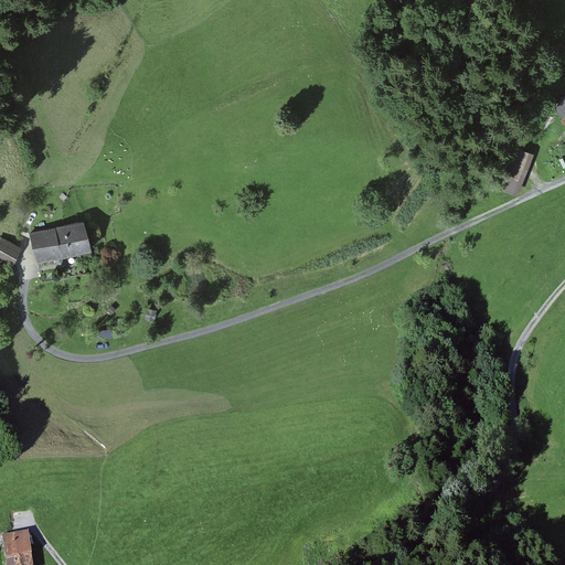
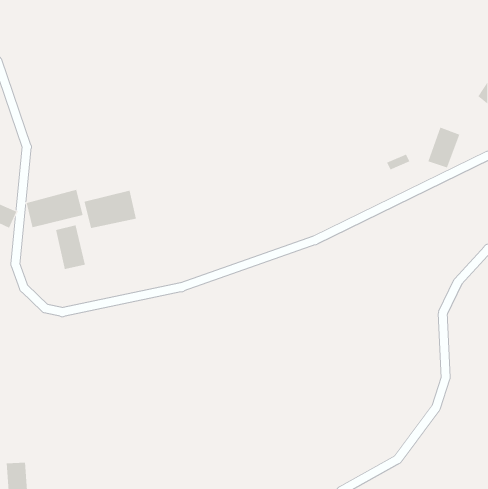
building: none -> [84,190,136,229]
building: none -> [56,224,86,270]

